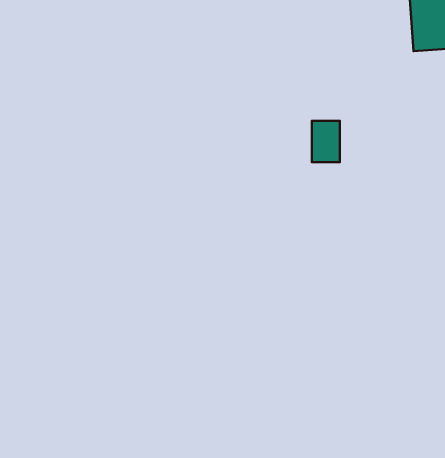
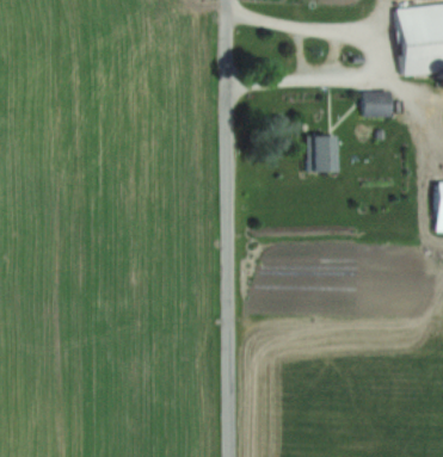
building: none -> [362,91,392,118]

